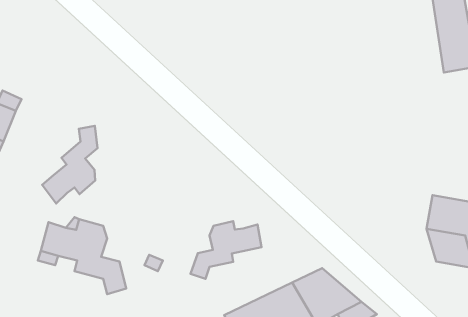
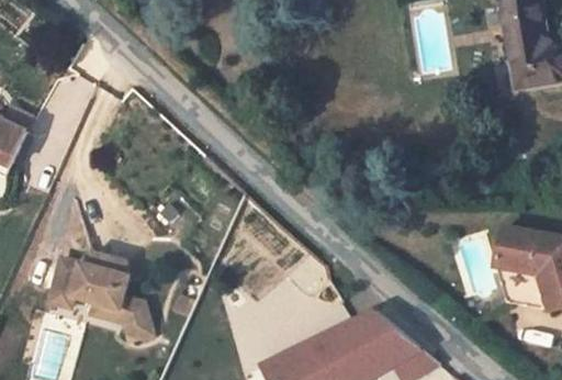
building: [42,126,97,203] -> none
building: [191,221,262,279] -> none

